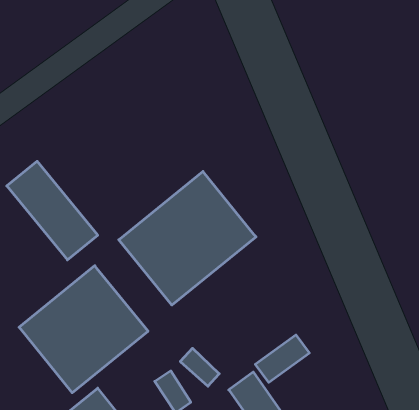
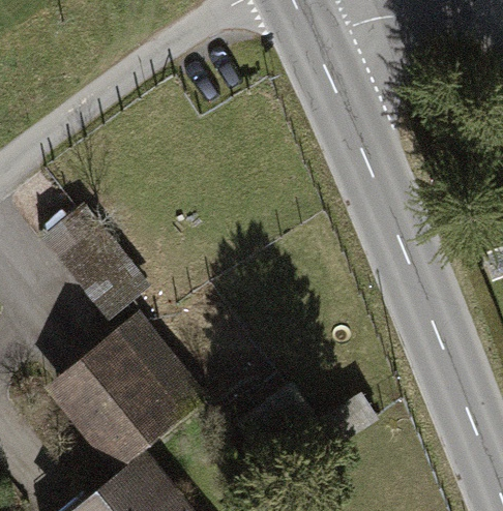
building: [119,171,256,305] -> none

